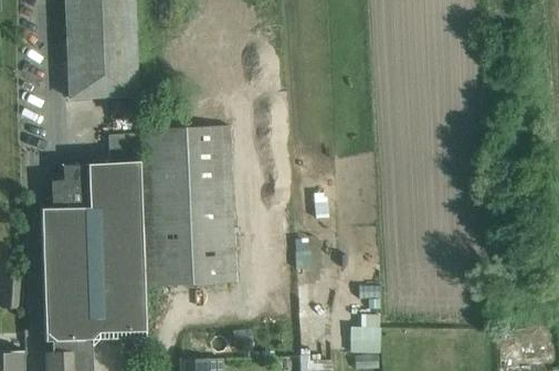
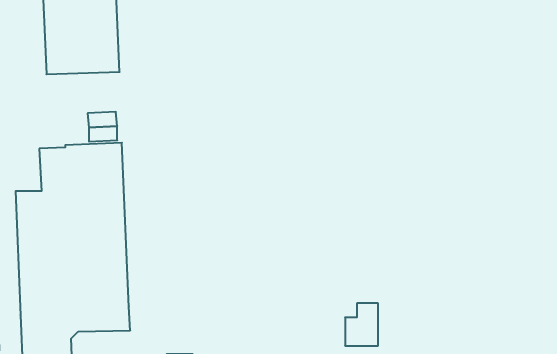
building: [141,125,236,284] -> none

